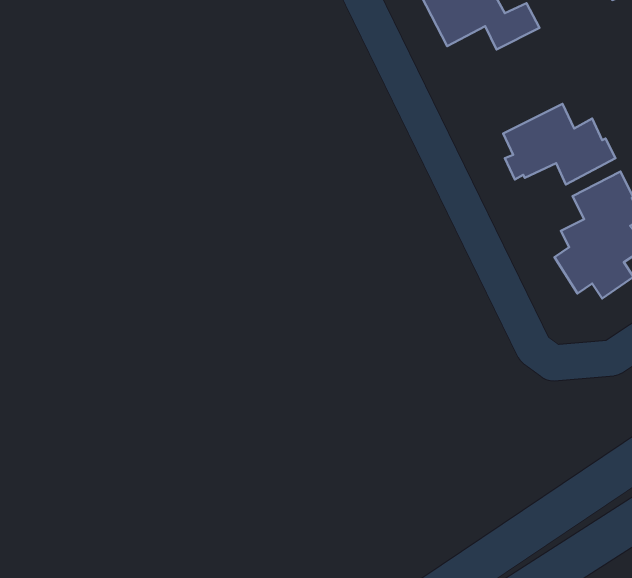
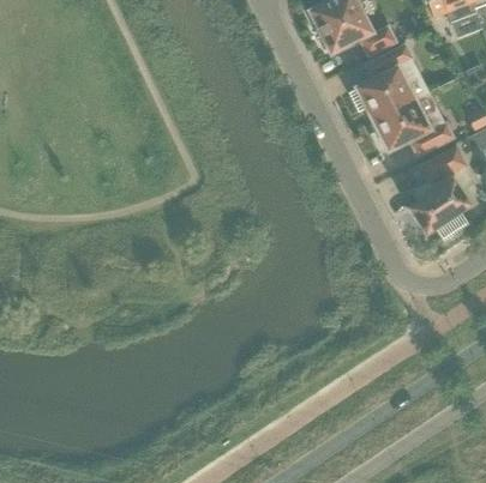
building: none -> [350,43,416,119]

